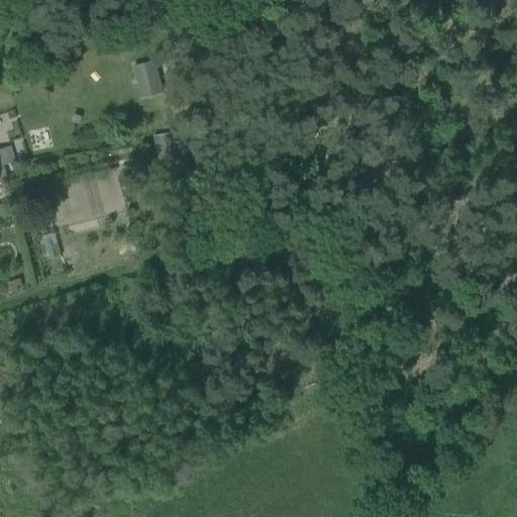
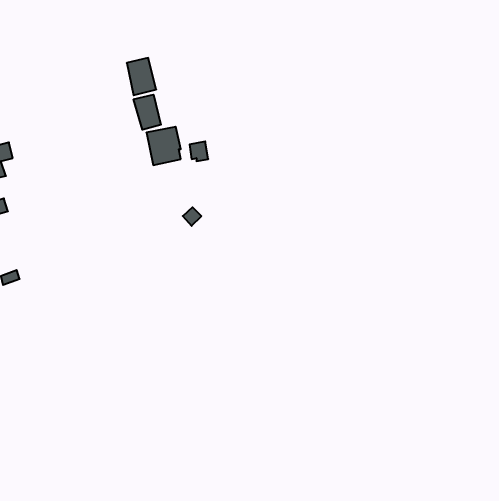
building: none -> [134,95,161,130]

